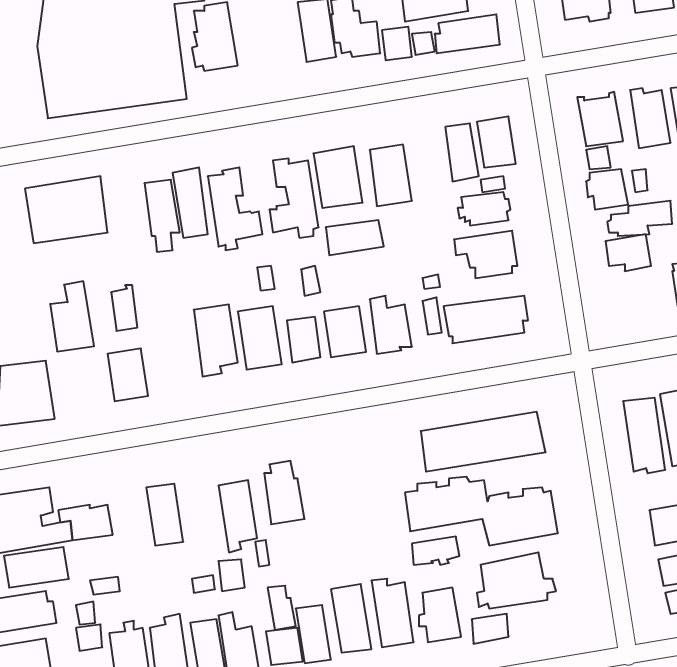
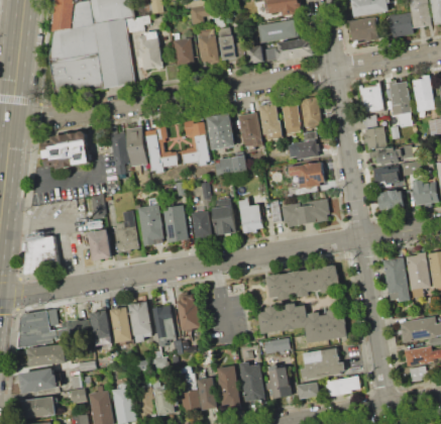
building: none -> [172,33,193,64]
building: none -> [258,102,282,138]
building: none -> [376,190,404,209]
building: [50,281,94,351] -> [113,210,138,250]
building: none -> [128,301,151,335]
building: none -> [89,311,110,339]
building: none -> [327,376,359,396]

